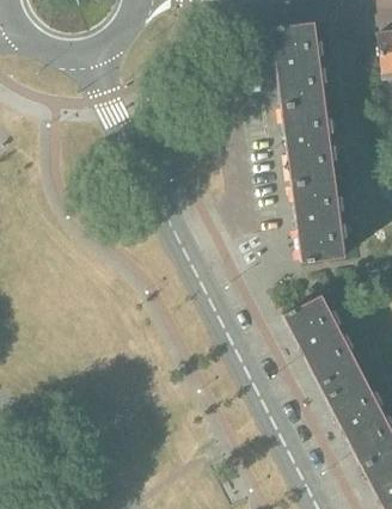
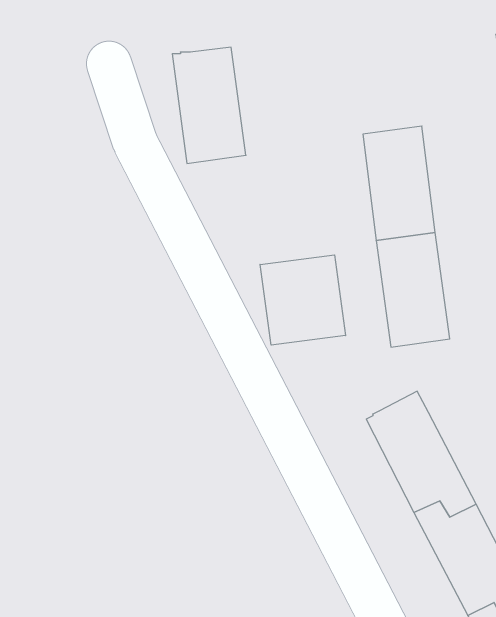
building: [270,22,324,106] -> [172,47,246,163]
building: none -> [260,255,346,345]

